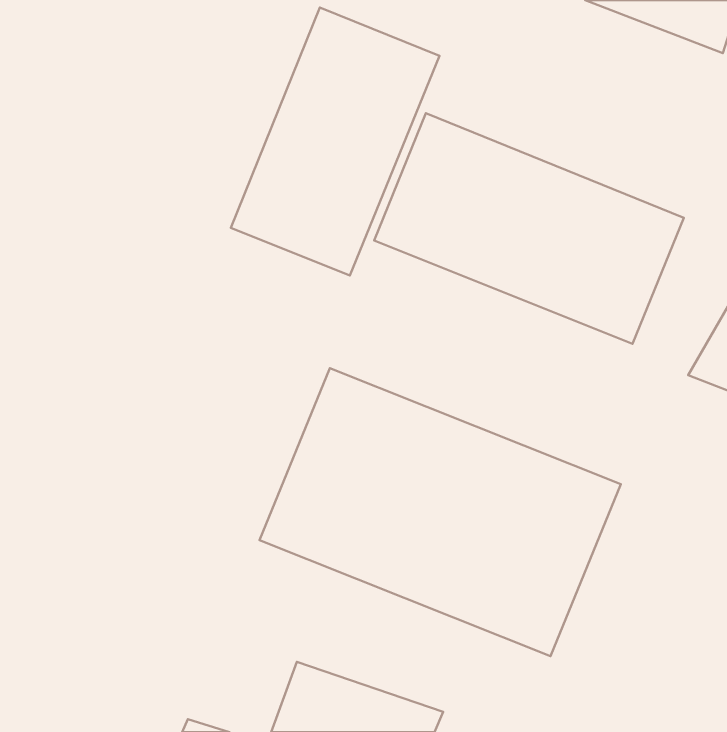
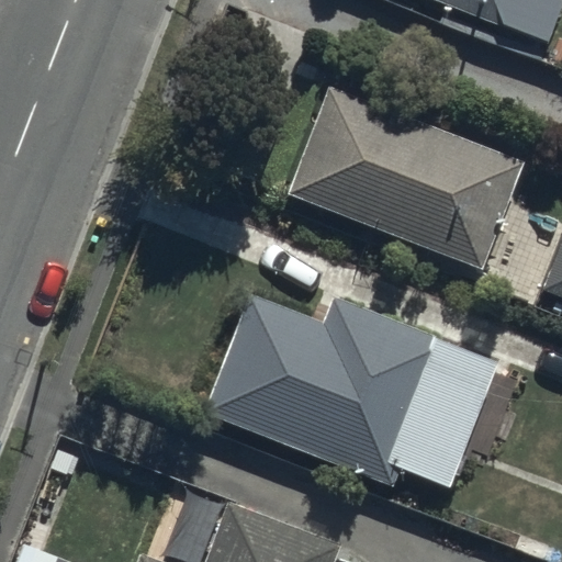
building: [231,8,440,275] -> none

